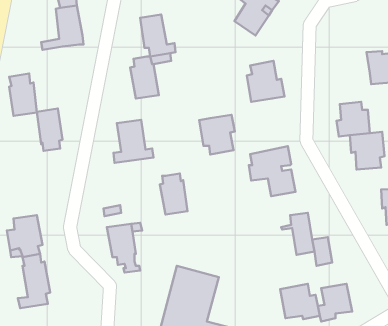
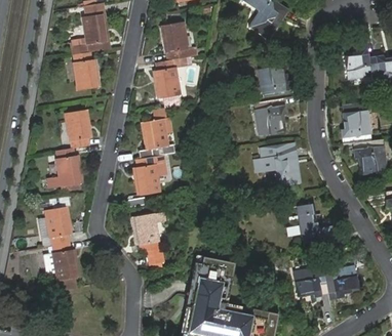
building: none -> [347,46,375,77]
building: [9,74,37,116] -> [72,50,97,89]
building: [199,115,235,155] -> [254,98,287,135]
building: none -> [45,146,81,184]
building: [160,174,188,215] -> [133,156,159,194]

